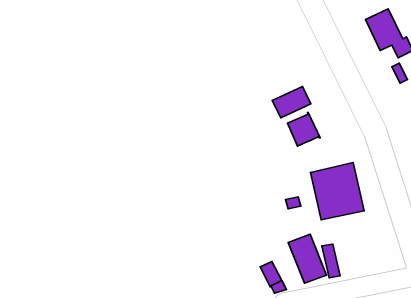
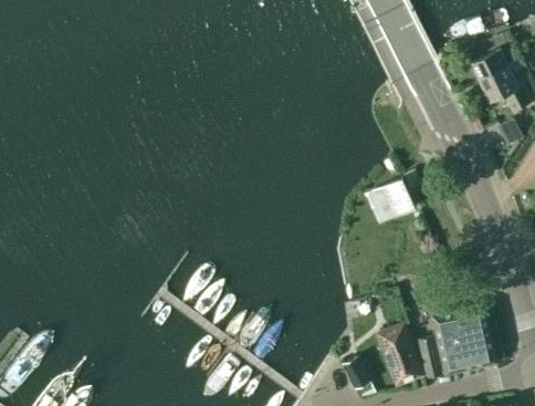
building: [272,86,311,118] -> none
building: [310,163,364,220] -> [430,304,495,374]

